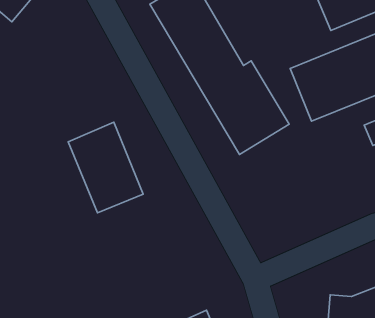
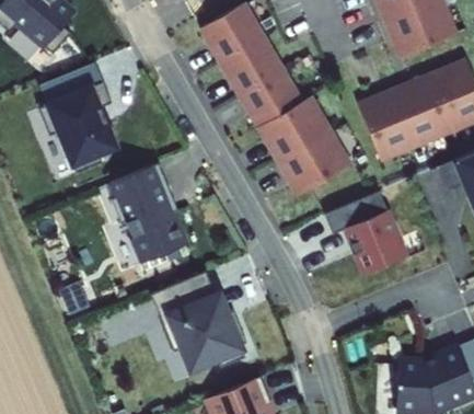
building: none -> [42,81,118,166]
building: none -> [326,189,406,275]
building: none -> [152,273,247,373]

